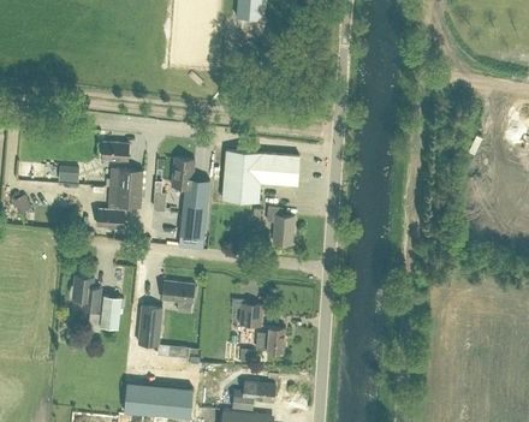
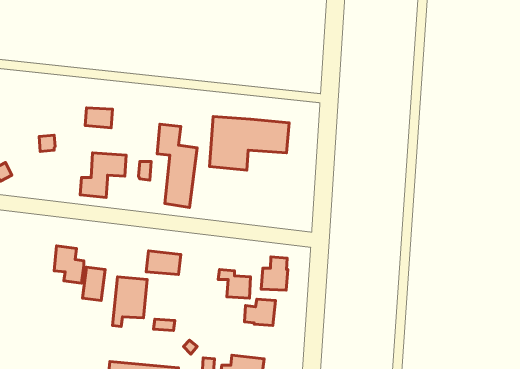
building: [109,168,143,188] -> none
building: [267,207,295,244] -> none
building: none -> [261,257,288,290]

